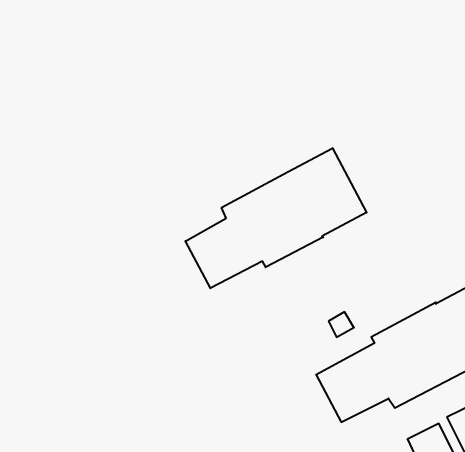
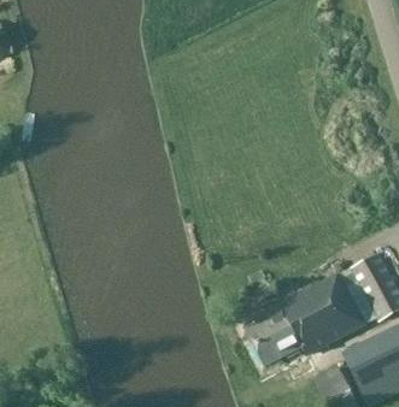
building: [185,148,367,288] -> none

